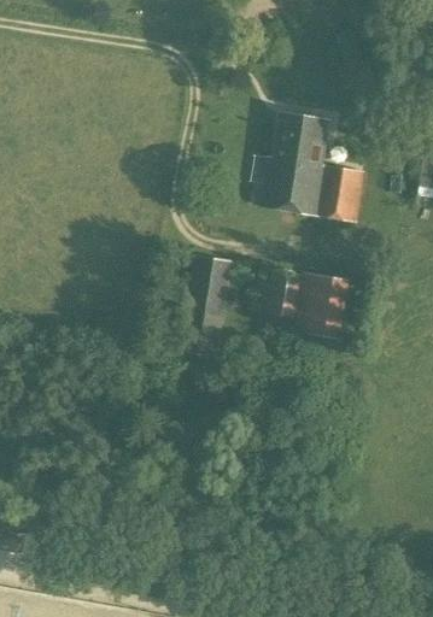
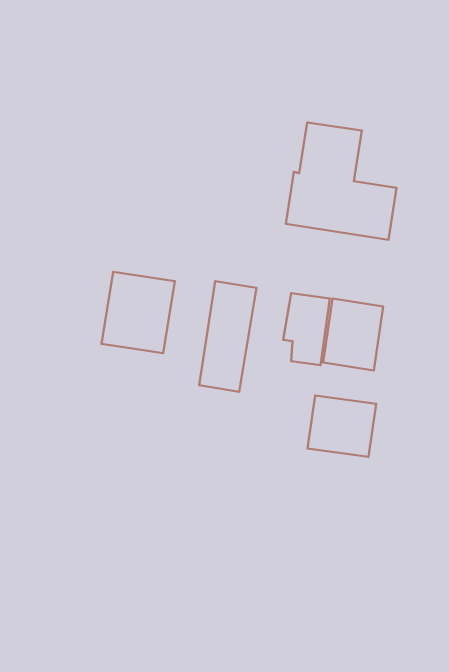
building: none -> [102,272,175,353]
building: none -> [307,396,376,457]

